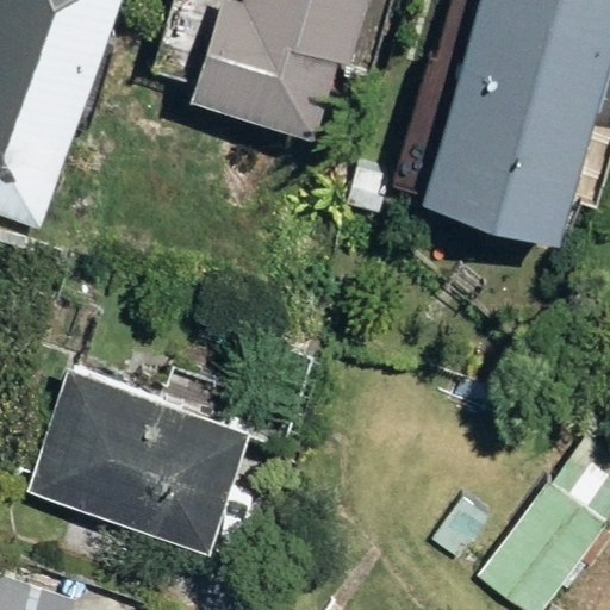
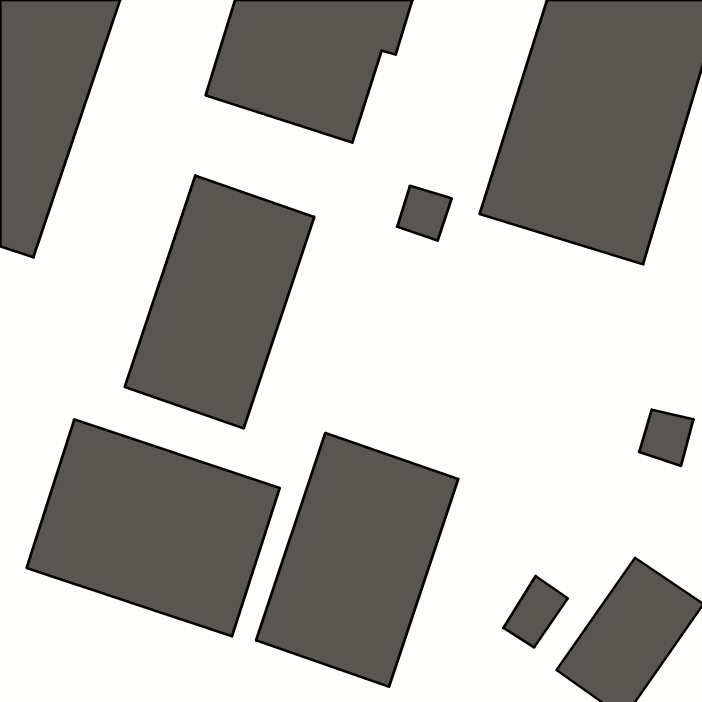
building: none -> [125,175,314,428]
building: none -> [256,433,458,687]

